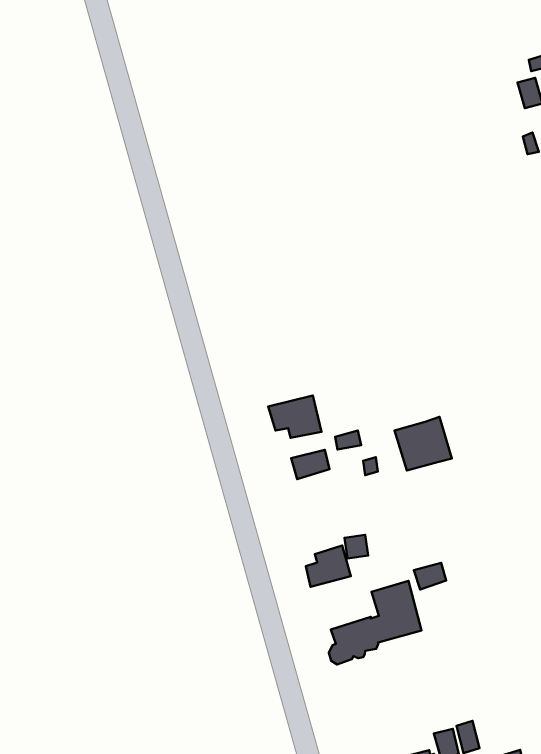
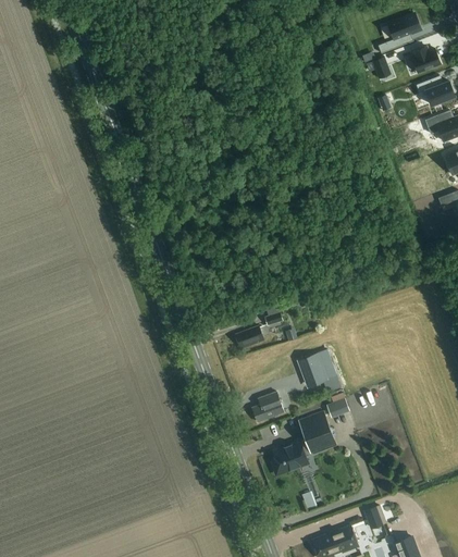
building: [268,395,321,438] -> none
building: [395,417,452,471] -> [297,348,338,387]

